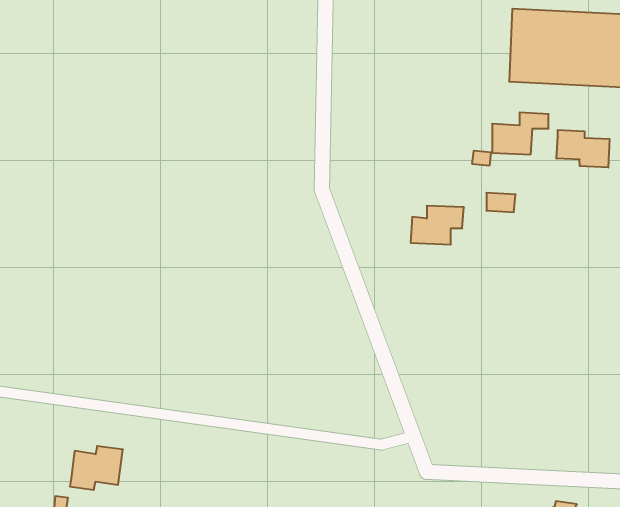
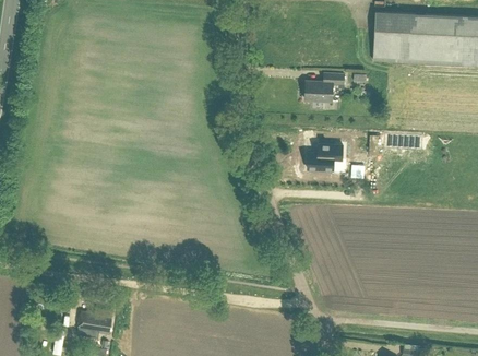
building: [492,112,549,154] -> [306,73,344,102]
building: [556,130,610,168] -> none

